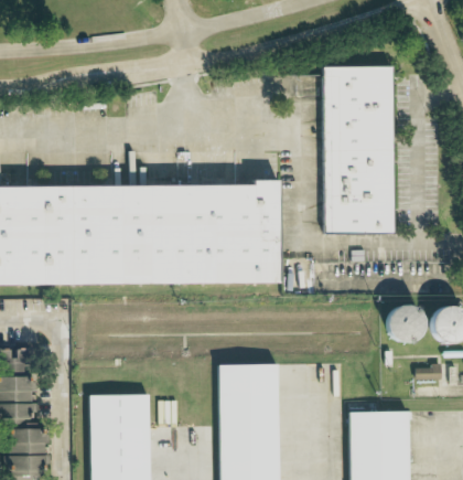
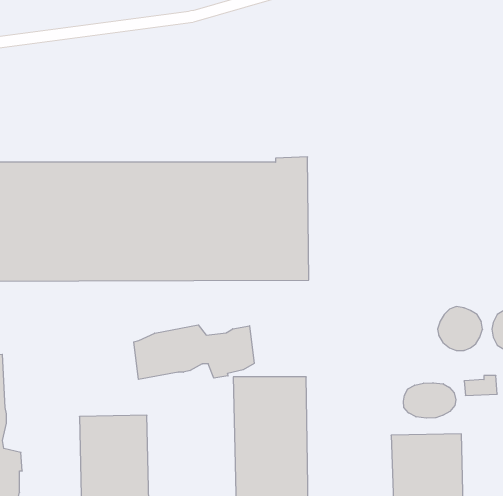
building: [323,67,394,233] -> none
building: none -> [134,325,254,379]
building: none -> [403,383,456,418]

